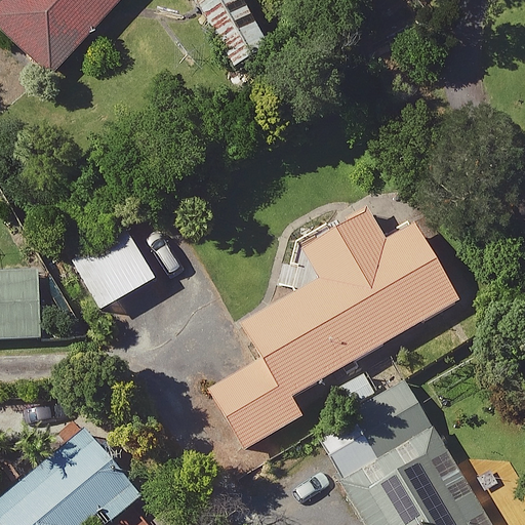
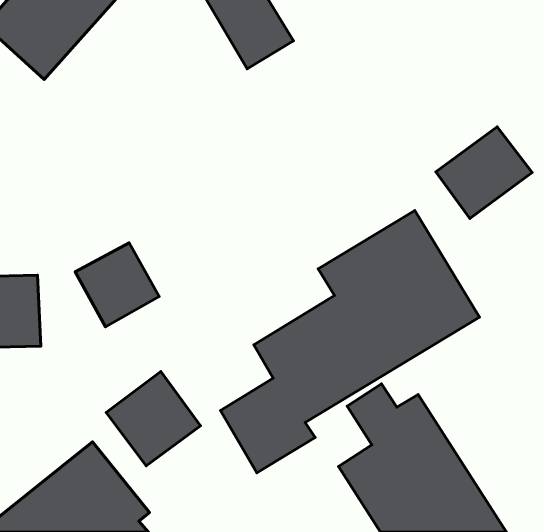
building: none -> [436,127,532,218]
building: none -> [106,372,201,466]

